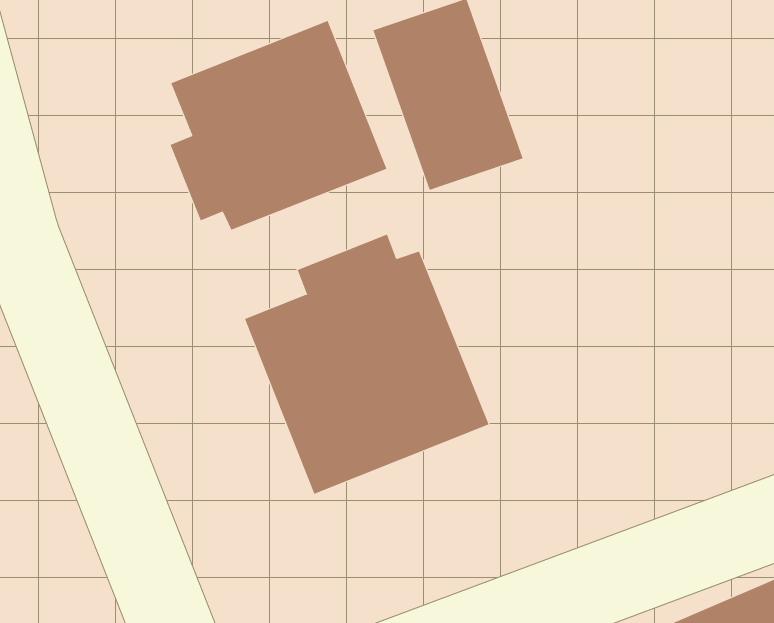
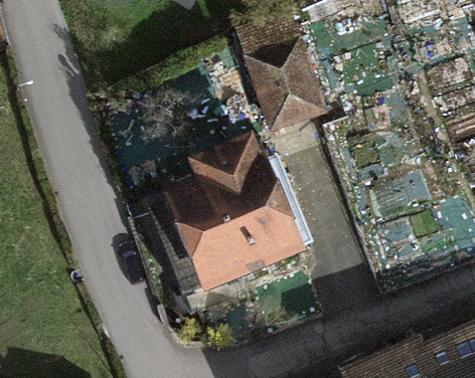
building: [170,20,387,231] -> none

